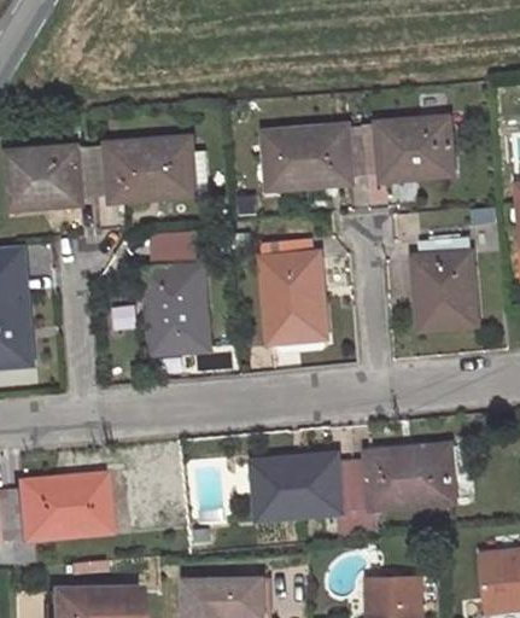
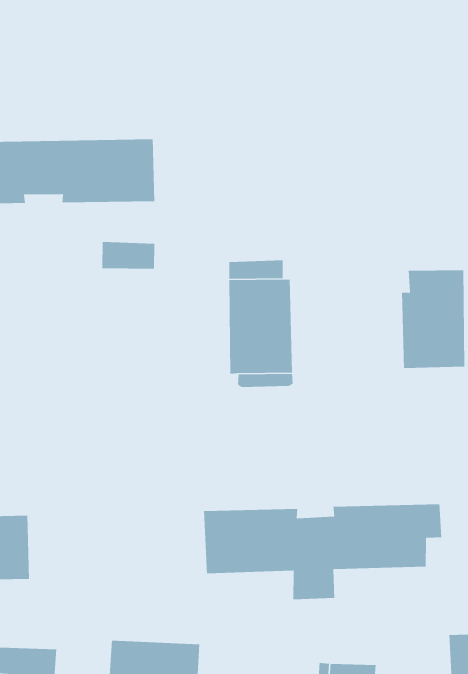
building: [267,118,452,188] -> none
building: [148,267,209,351] -> none

